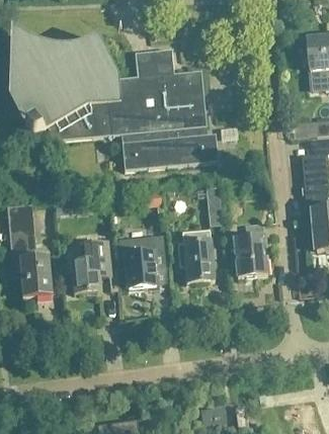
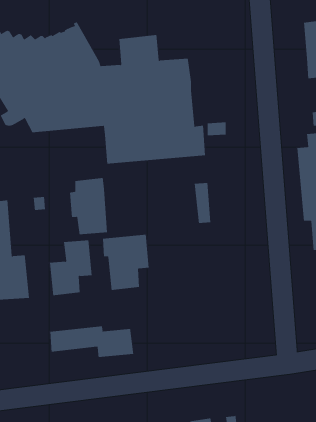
building: [234,224,267,277] -> none
building: [177,228,214,281] -> [69,177,108,235]
building: none -> [50,326,134,358]

